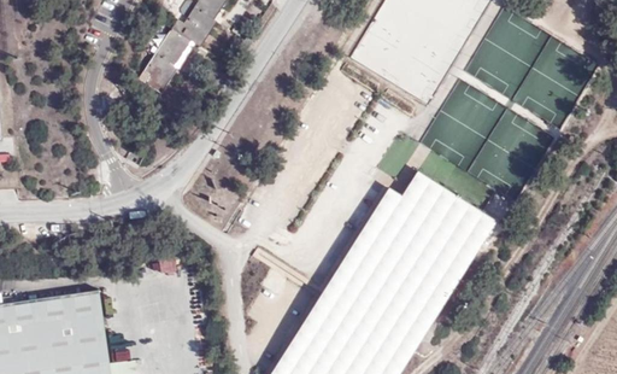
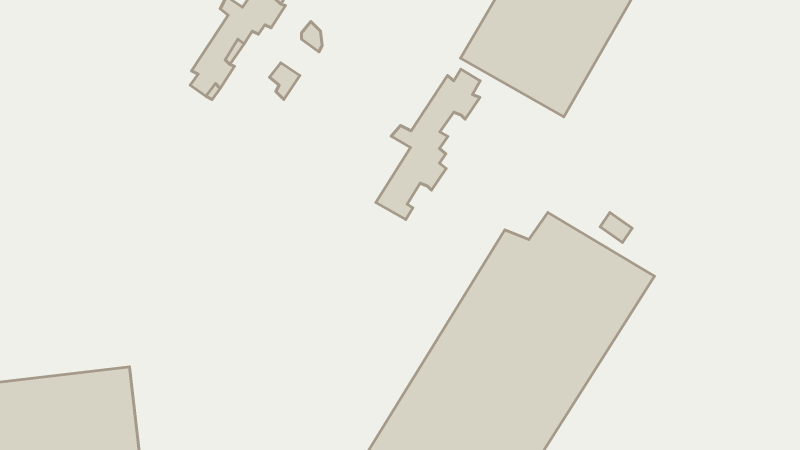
building: none -> [376,69,480,220]

